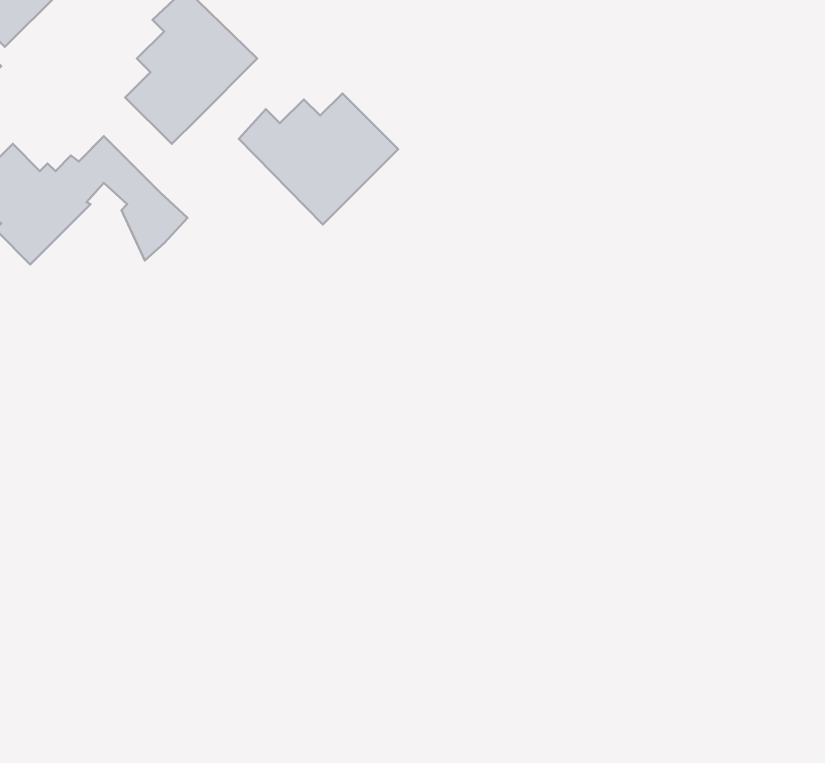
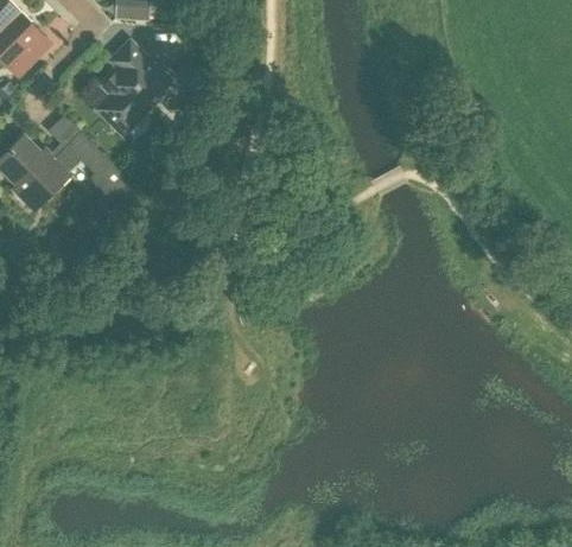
building: [239,93,398,225] -> none

